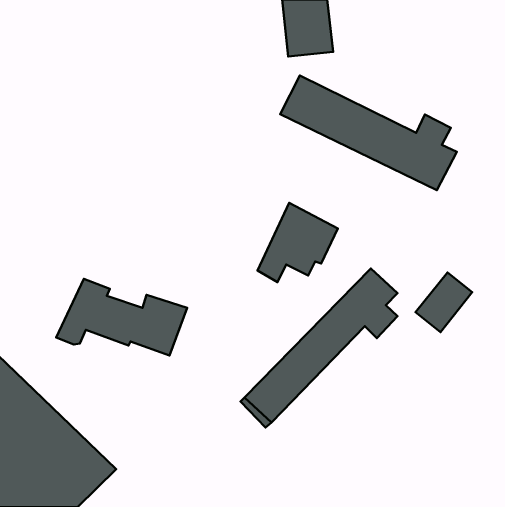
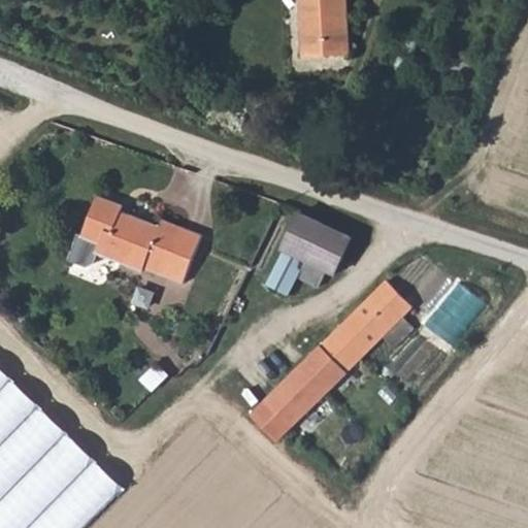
building: [280,75,457,190] -> none
building: [56,279,187,356] -> [69,203,205,283]

